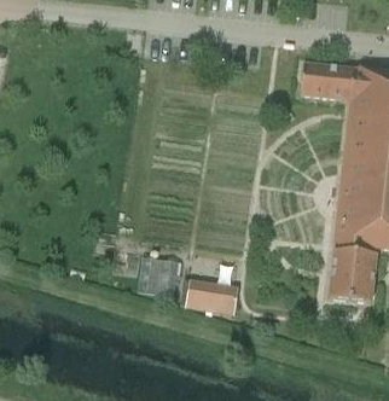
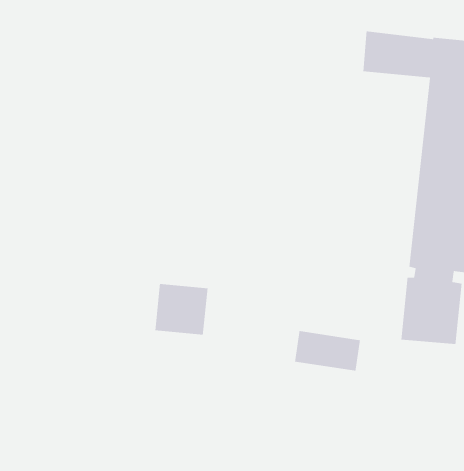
building: [186,281,237,313] -> [294,330,361,372]

